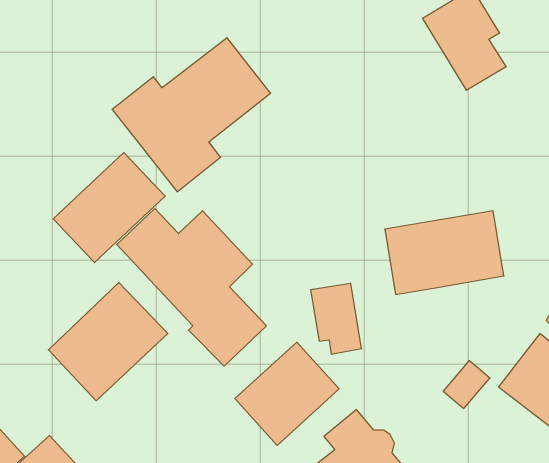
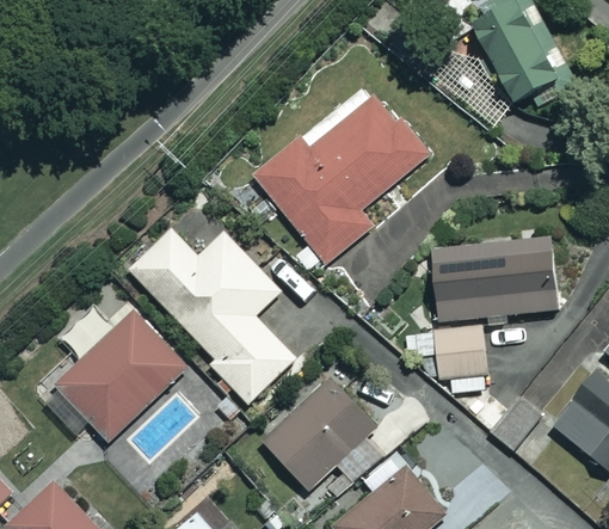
building: [112,38,271,192] -> [253,96,427,265]
building: [53,153,165,263] -> none
building: [311,283,362,354] -> [437,318,493,395]

